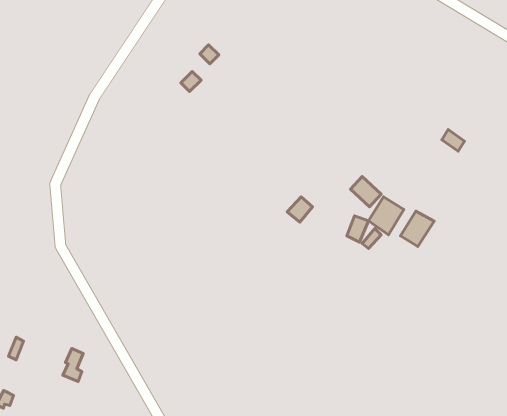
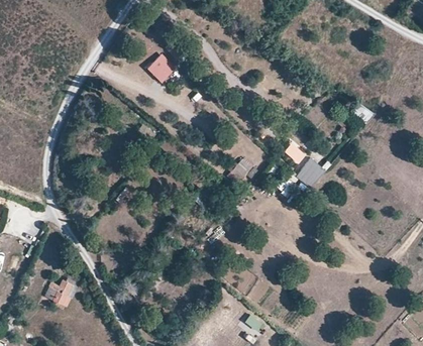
building: [401,211,434,246] -> none

